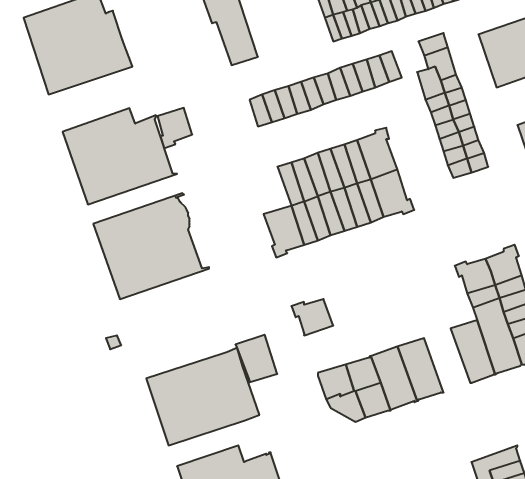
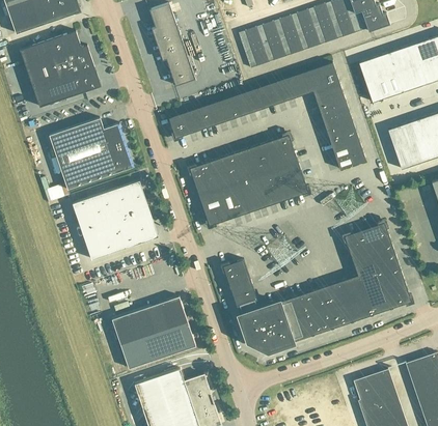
building: none -> [295,67,322,94]
building: [157,108,192,148] -> [169,111,195,141]
building: none -> [187,161,220,196]
building: none -> [319,281,353,329]
building: [235,335,277,382] -> [229,279,261,314]

